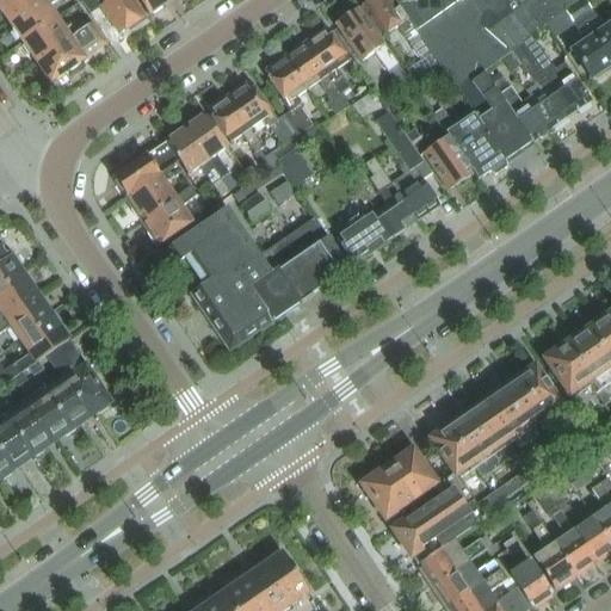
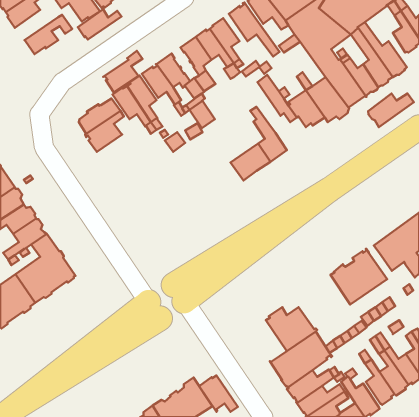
building: [21,14,85,58] -> [78,9,121,40]
building: none -> [368,93,414,127]
building: [391,161,437,218] -> none
building: [141,183,198,243] -> [103,51,143,93]
building: [162,205,348,345] -> none
building: [427,400,510,479] -> none
building: [362,465,418,518] -> [199,376,238,412]

